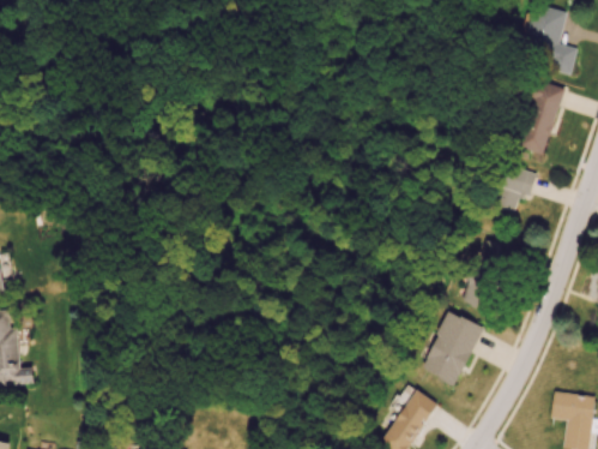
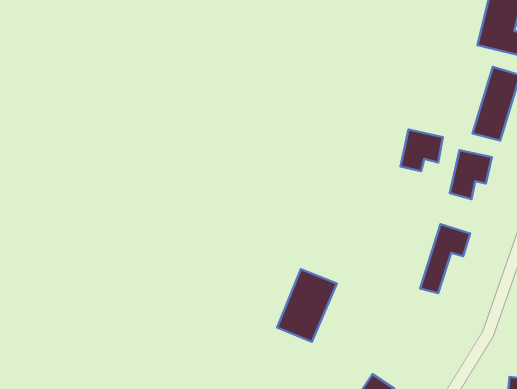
building: none -> [400,130,443,171]
building: [422,312,482,385] -> [277,269,337,342]

